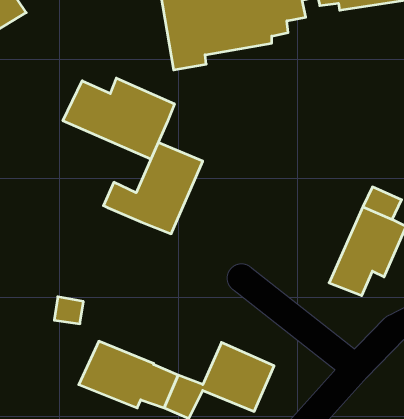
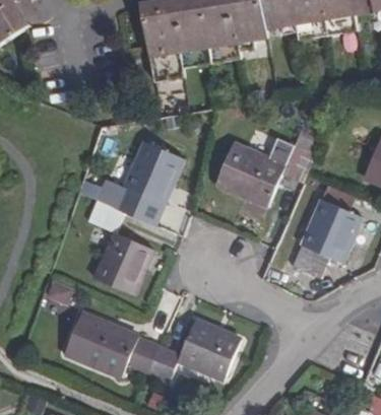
building: [63,78,174,159] -> none
building: none -> [216,144,312,203]
building: none -> [87,200,150,291]

